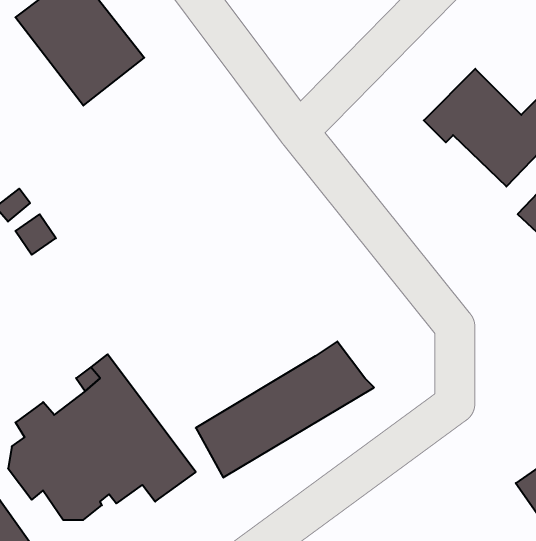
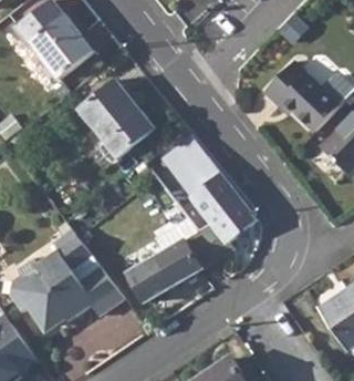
building: none -> [77,79,157,161]
building: none -> [160,135,258,245]

